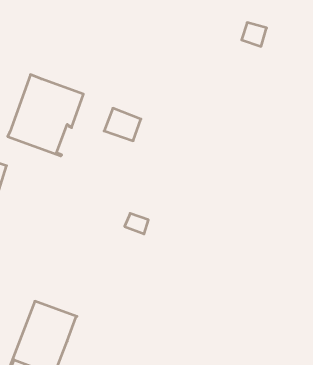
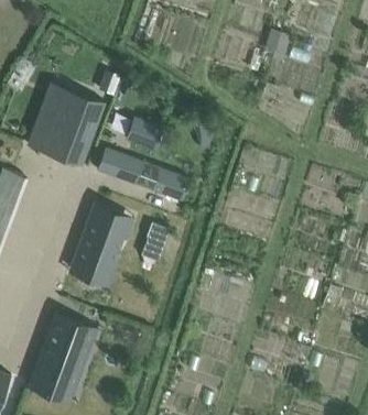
building: none -> [97,149,190,203]
building: none -> [72,208,130,283]

